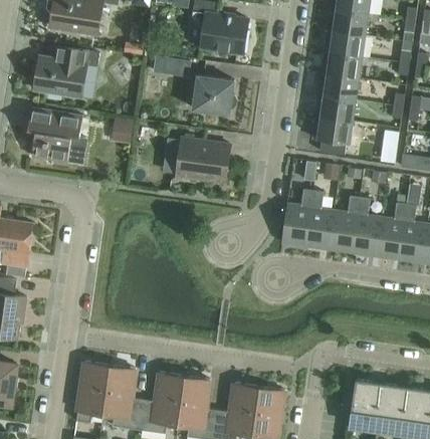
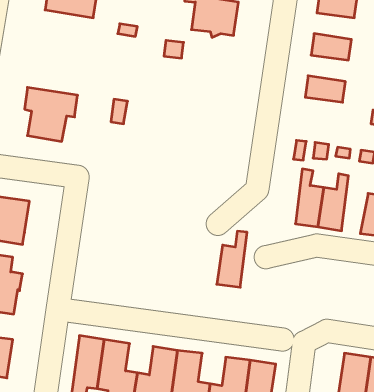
building: [325,30,366,57] -> none
building: [34,46,99,97] -> none
building: [318,73,360,100] -> none
building: [191,74,236,115] -> none
building: [312,117,354,155] -> none
building: [176,138,230,183] -> none
building: [281,189,312,246] -> [217,231,247,287]
building: [353,197,380,256] -> none

